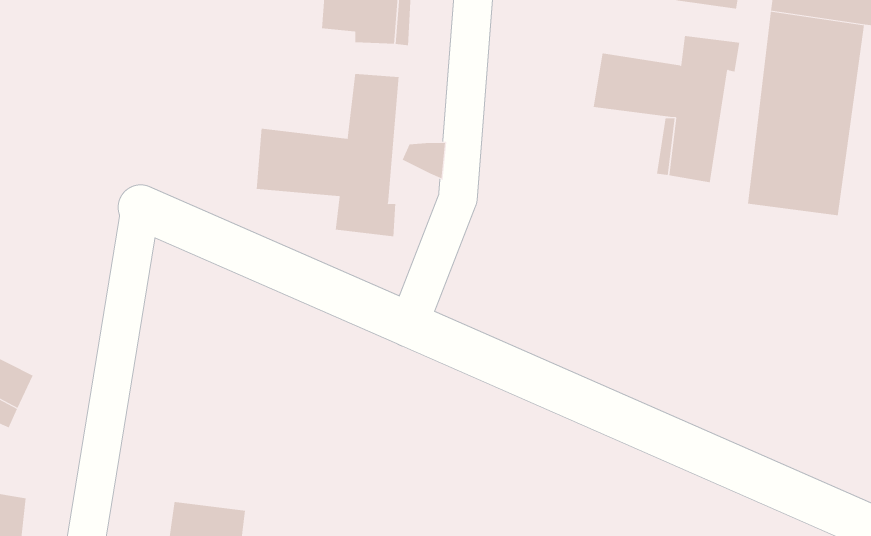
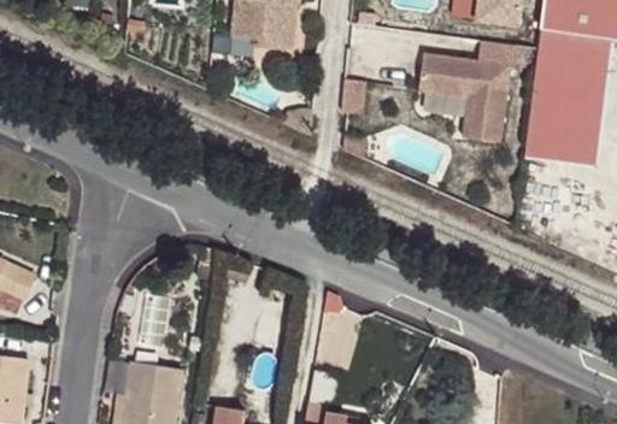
building: [256,73,399,237] -> none

